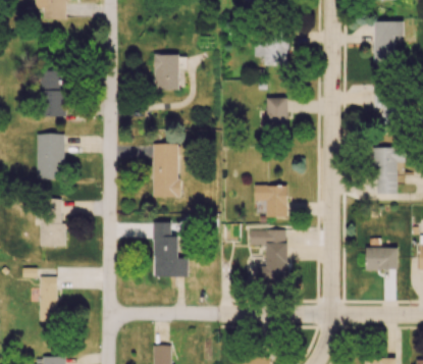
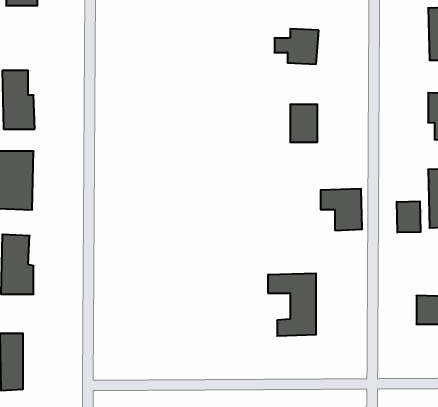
building: [154,54,188,90] -> none
building: [153,143,179,197] -> none
building: none -> [397,201,421,233]
building: [255,185,287,217] -> [321,189,362,230]
building: [153,221,177,276] -> none

